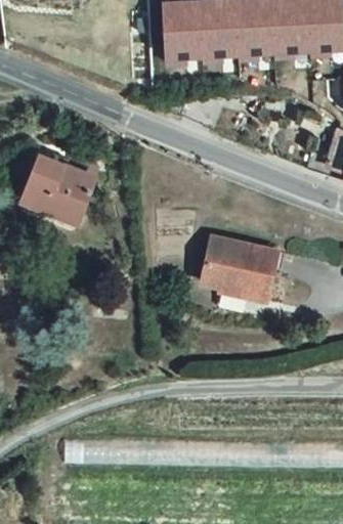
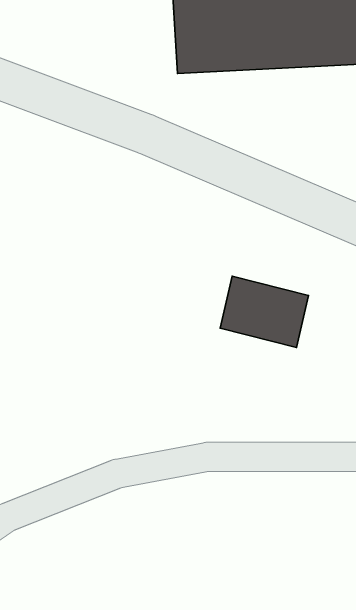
building: [19,149,100,221] -> none

